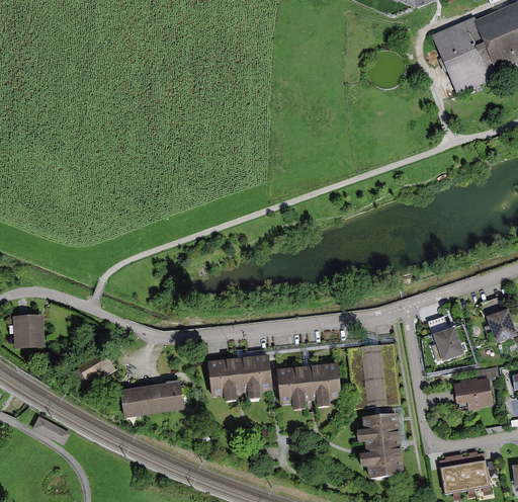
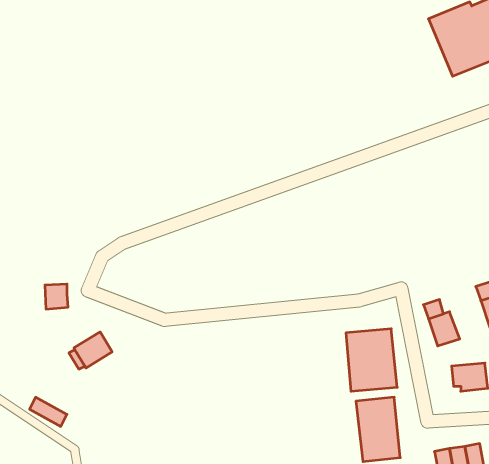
building: [17,320,40,345] -> [45,284,68,309]
building: [207,354,271,395] -> none
building: [276,362,341,403] -> none
building: [119,379,183,415] -> none

